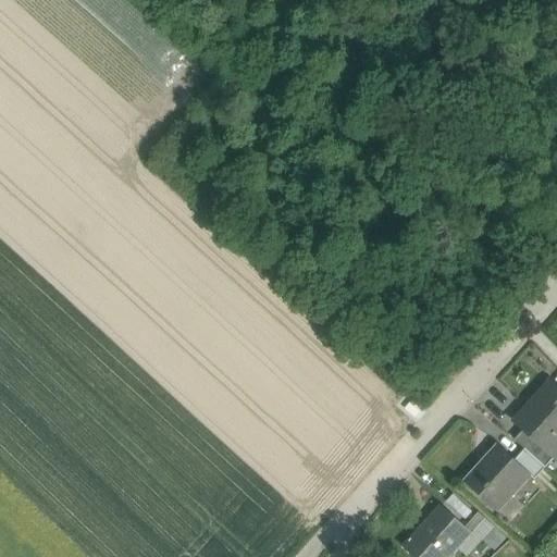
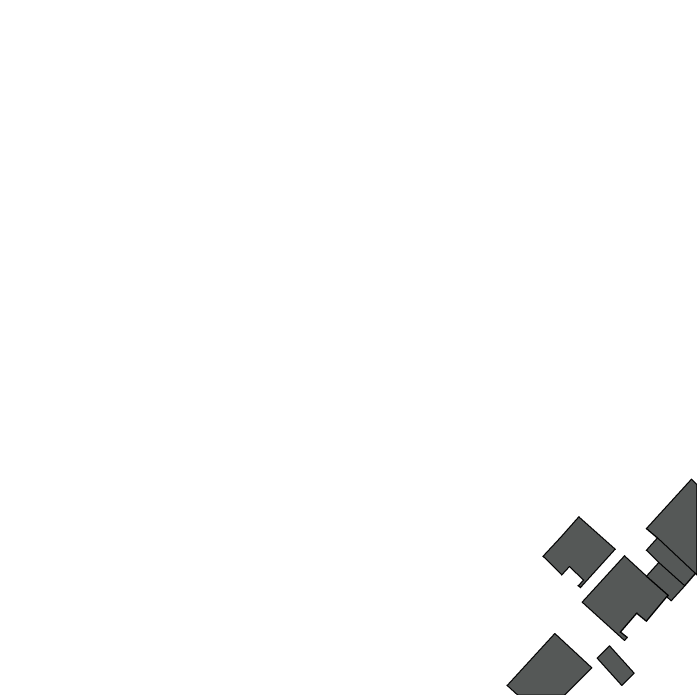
building: none -> [543,517,615,588]

